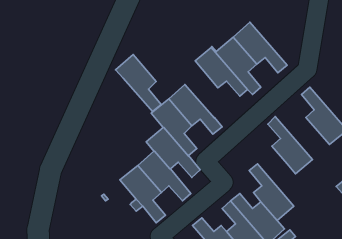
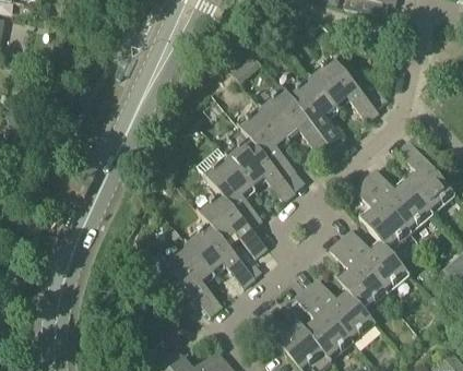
building: [116,55,161,112] -> [238,106,297,180]
building: none -> [365,168,435,234]
building: none -> [342,229,411,294]

